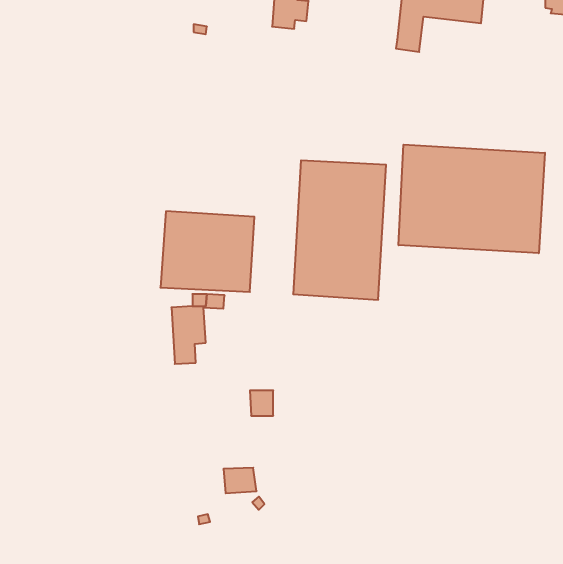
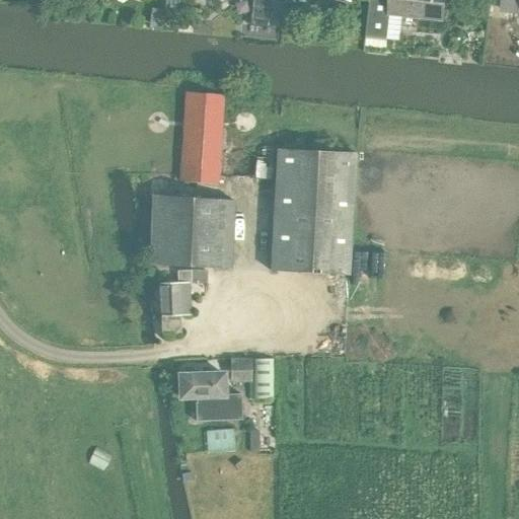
building: none -> [179,91,225,183]
building: [399,145,545,253] -> none
building: none -> [179,372,243,420]

